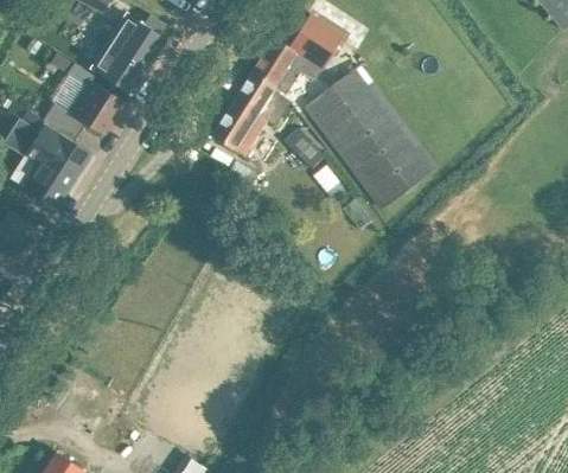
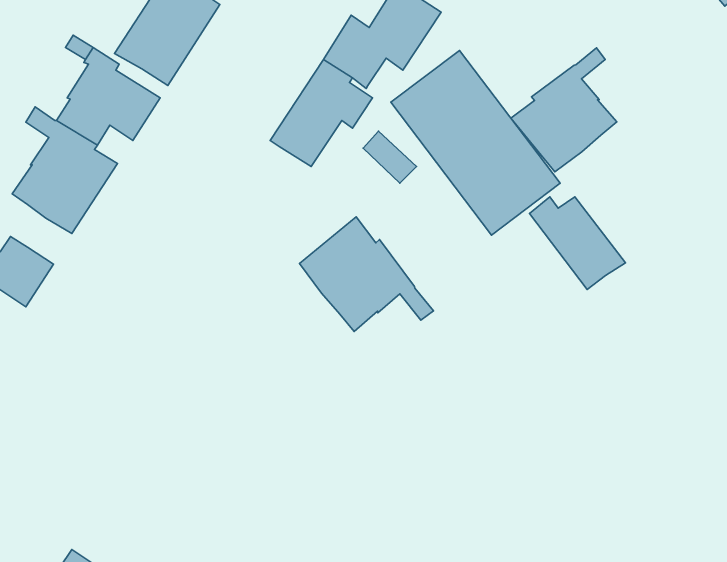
building: none -> [511,48,617,172]
building: none -> [529,197,625,290]
building: none -> [300,217,434,331]

